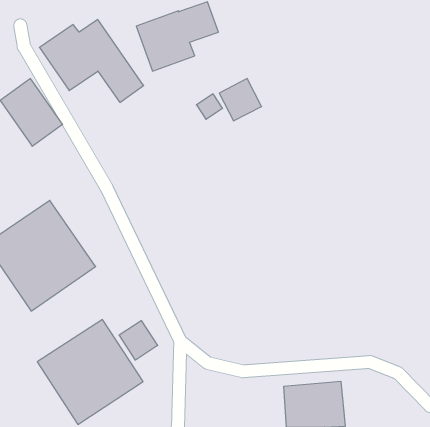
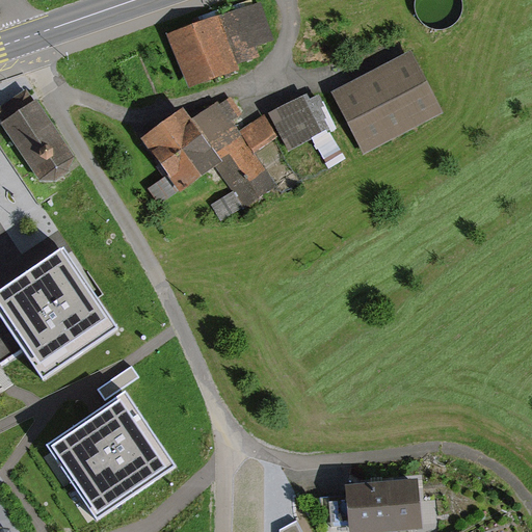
building: [39,19,144,102] -> [142,103,270,205]
building: none -> [331,50,443,153]
building: [119,321,158,360] -> none

